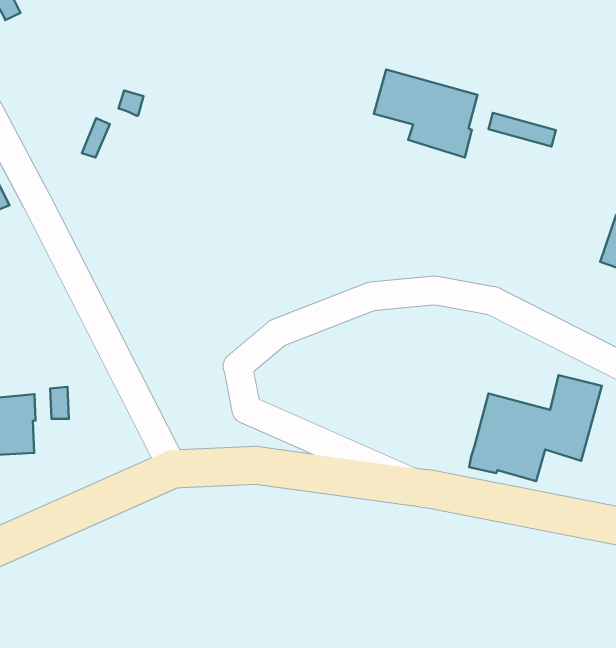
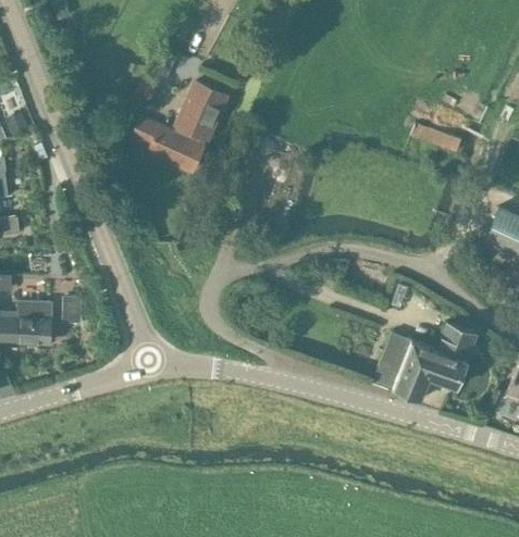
building: [374,69,478,157] -> none
building: none -> [129,83,225,173]

